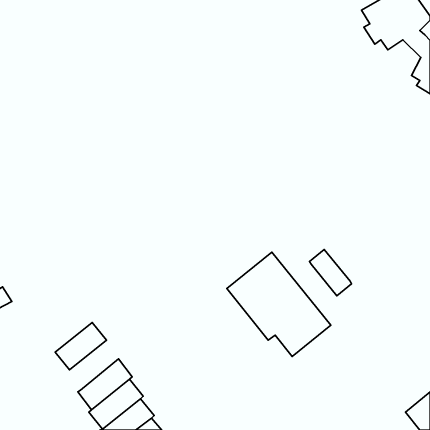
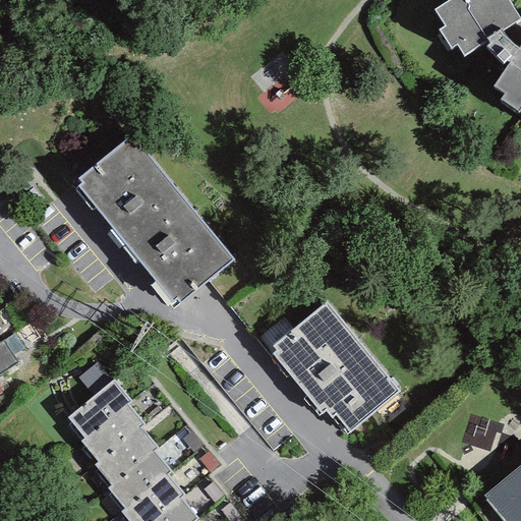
building: none -> [78,134,232,300]
building: [309,250,352,296] -> none
building: none -> [79,409,144,469]

